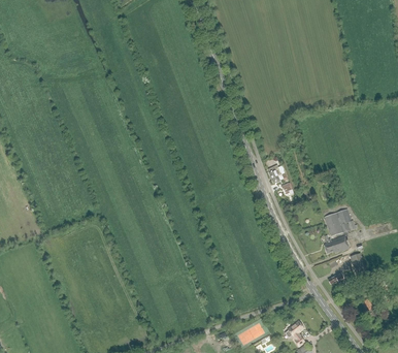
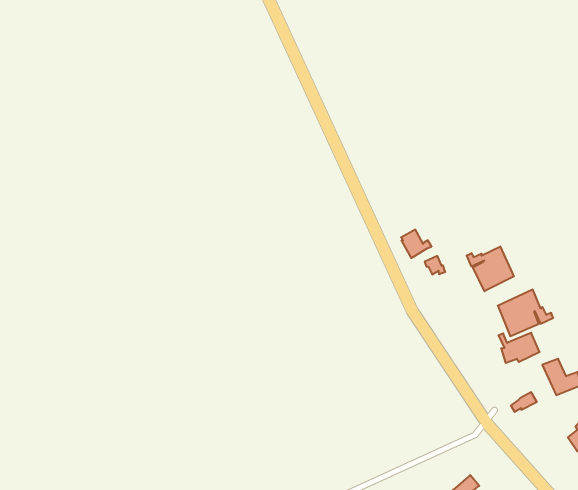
building: none -> [467,246,514,291]

